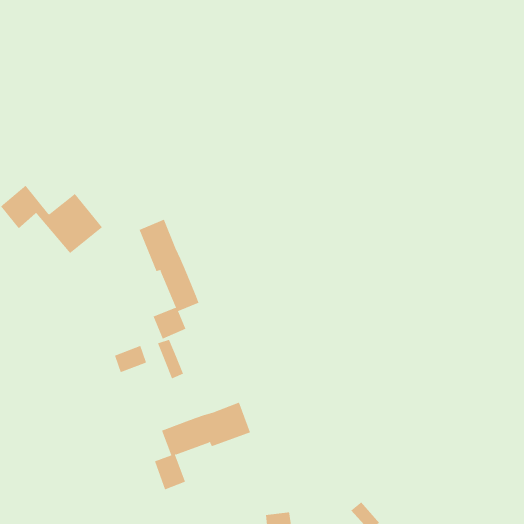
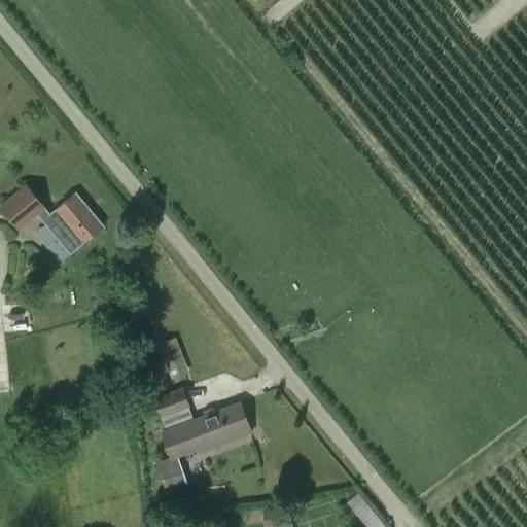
building: [139,219,199,340] -> none
building: [114,345,147,373] -> [155,389,188,417]

